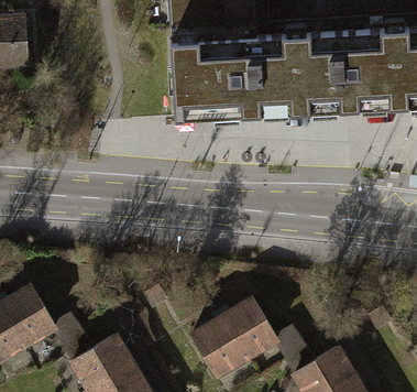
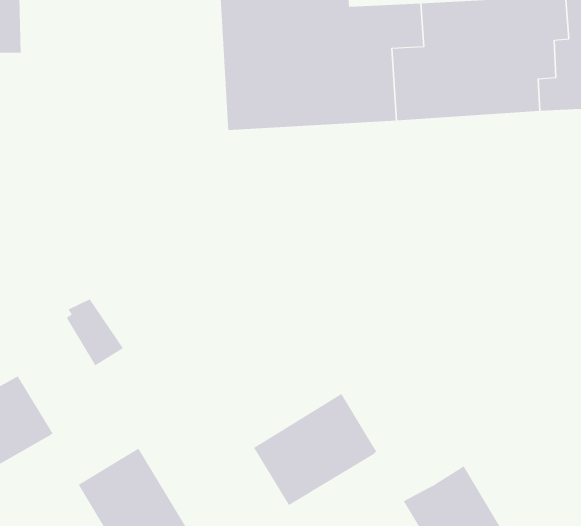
building: [52,314,91,360] -> [66,298,124,366]
building: [274,325,315,371] -> none

